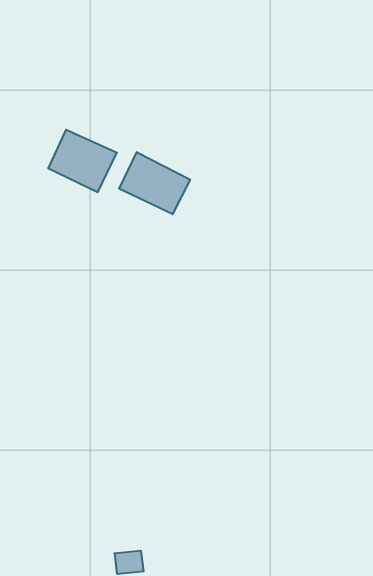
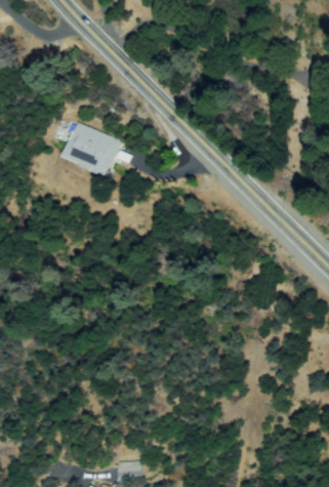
building: [119,152,190,214] -> none

